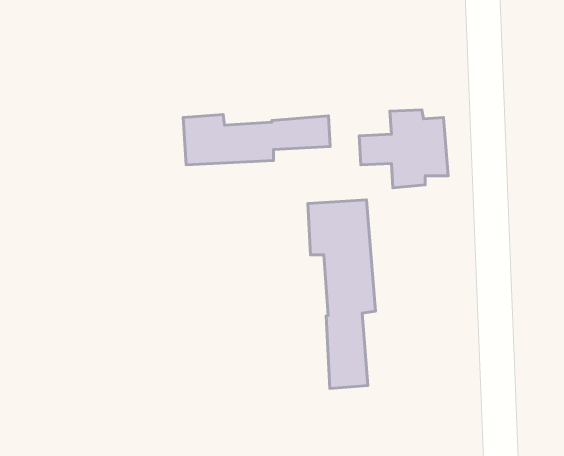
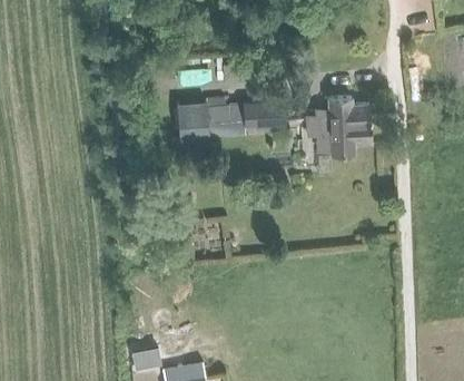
building: [308,200,375,389] -> none

